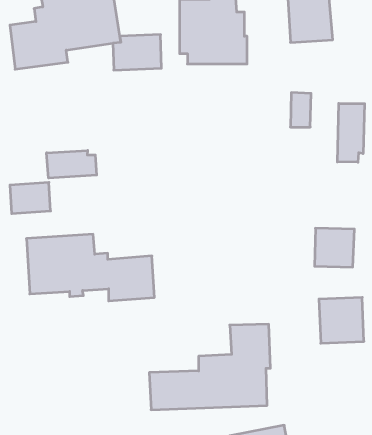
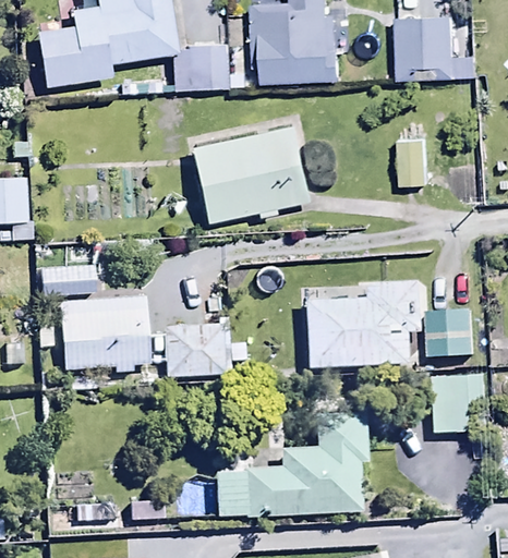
building: none -> [186,107,309,205]
building: [337,103,365,162] -> none
building: [47,150,97,178] -> none
building: none -> [302,271,414,352]

